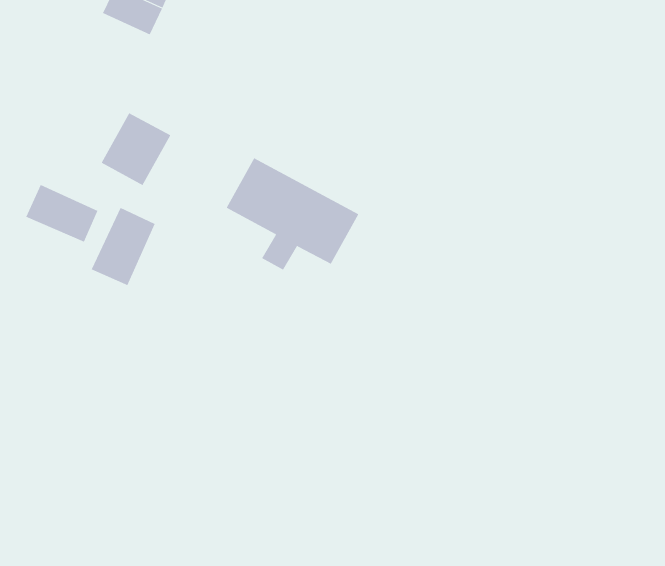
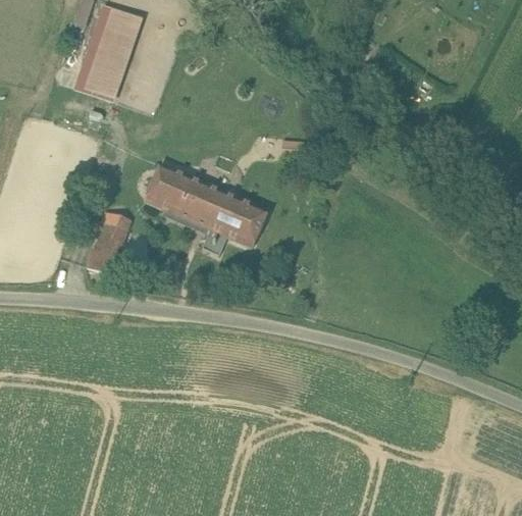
building: [101,112,171,186] -> [145,164,192,214]
building: [26,184,98,243] -> none

